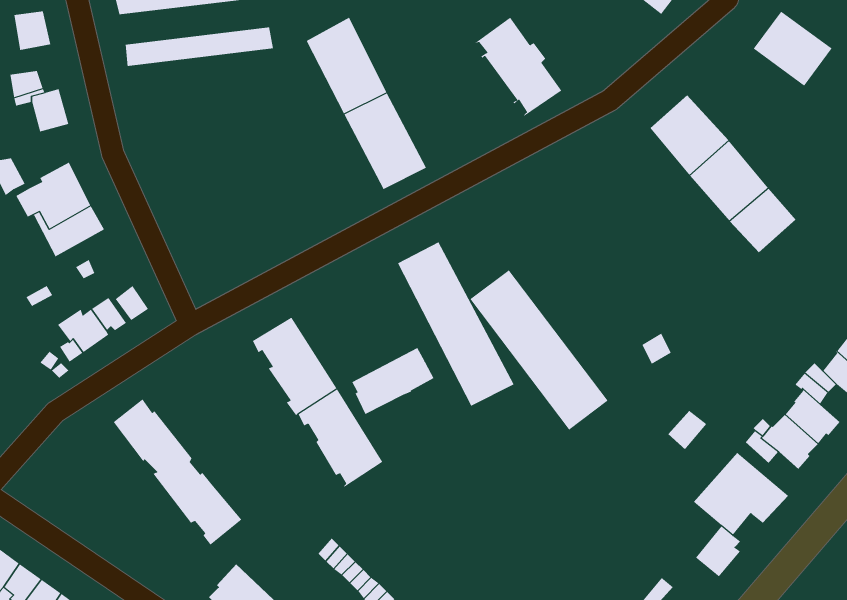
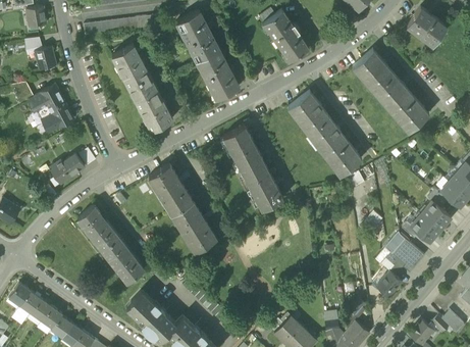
building: none -> [111,45,172,131]
building: [469,269,609,430] -> [290,92,361,175]
building: [351,347,435,415] -> none

